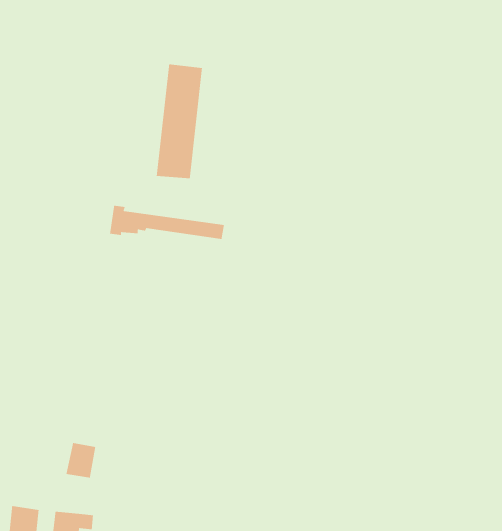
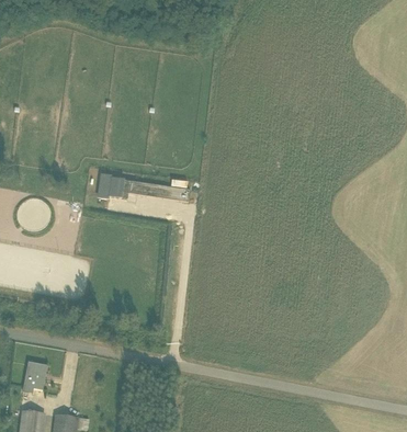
building: [156,63,203,179] -> none
building: [65,442,96,479] -> [22,361,46,389]

